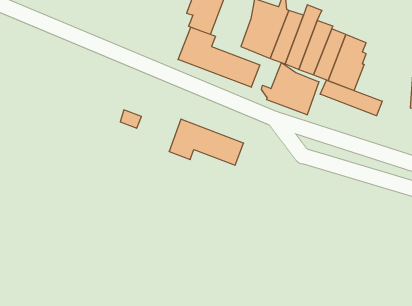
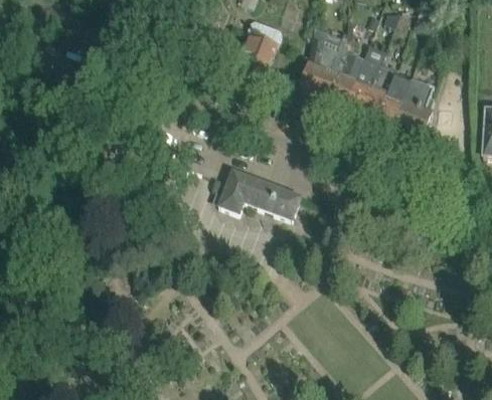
building: [178,27,260,87] -> none
building: [261,63,319,115] -> none
building: [320,80,382,116] -> none

